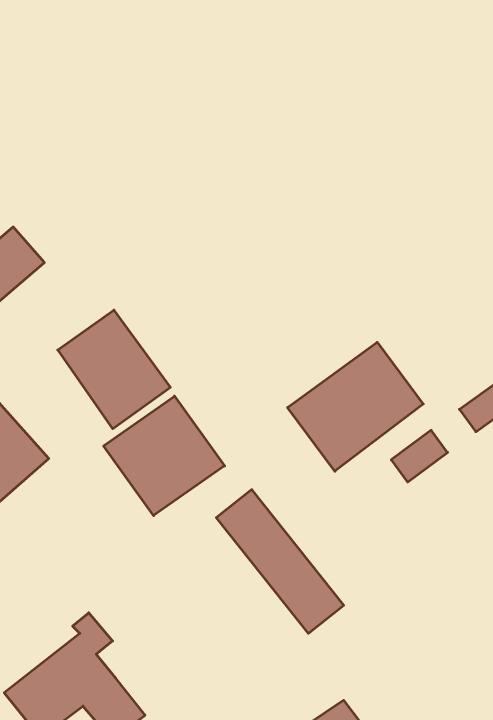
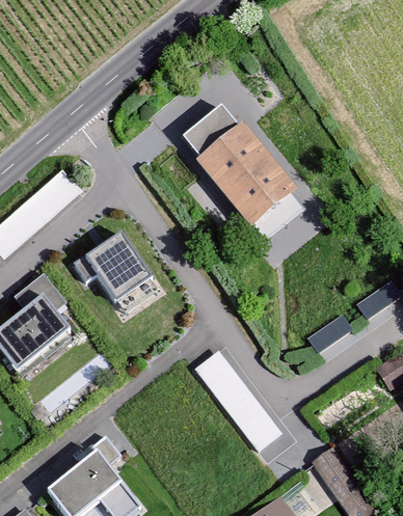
building: none -> [178,101,298,228]
building: [288,342,423,471] -> none
building: [104,396,225,516] -> none

